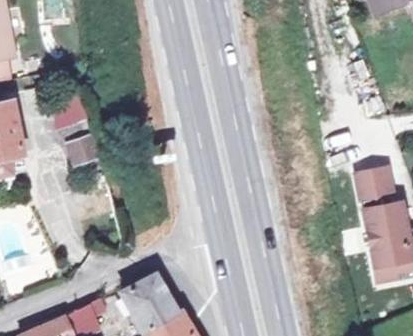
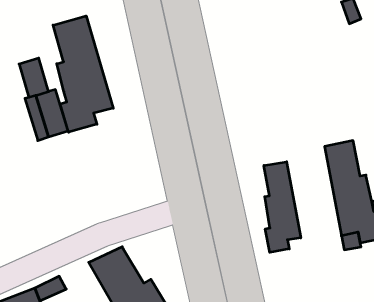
building: none -> [53,16,113,132]
building: none -> [264,162,301,252]

